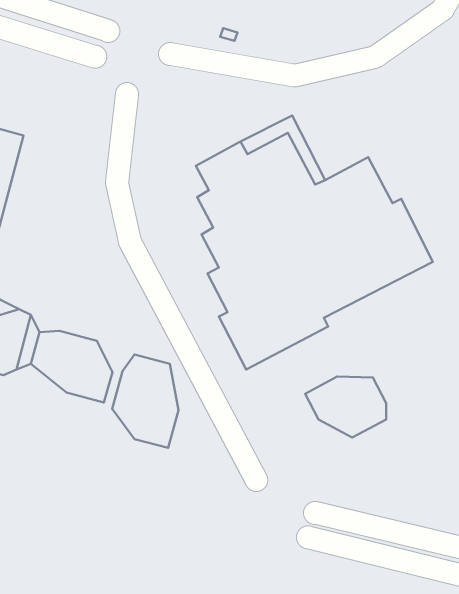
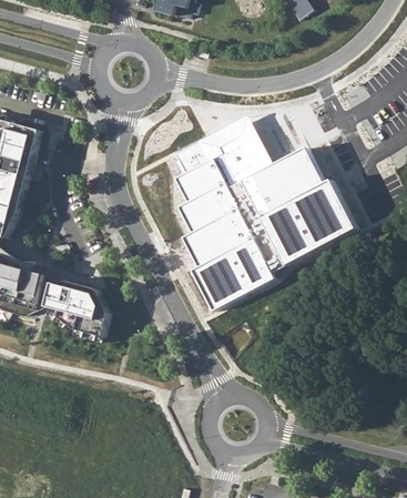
building: [112,355,178,448] -> none
building: [305,376,386,437] -> none

